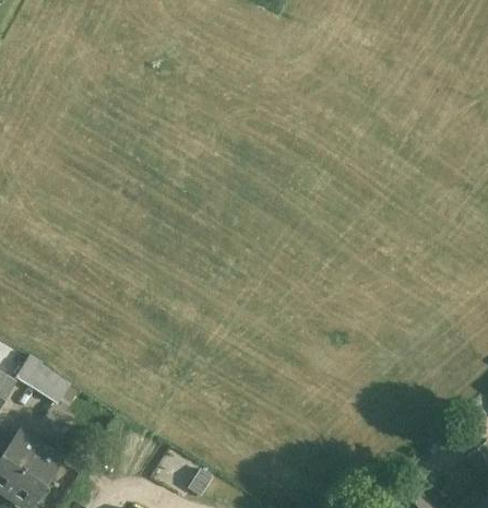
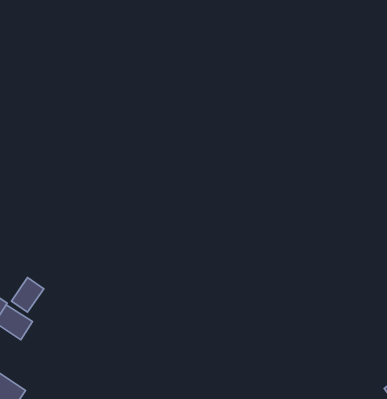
building: none -> [11,277,44,312]

